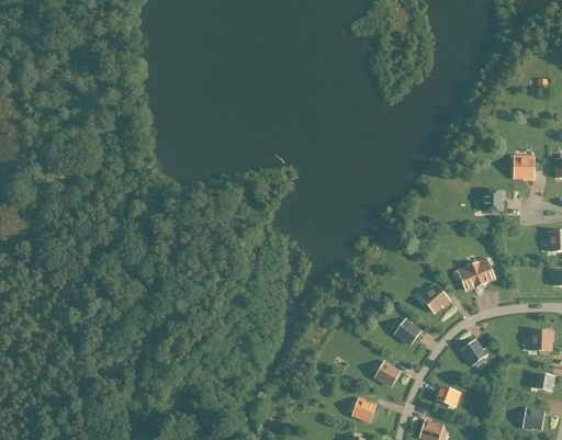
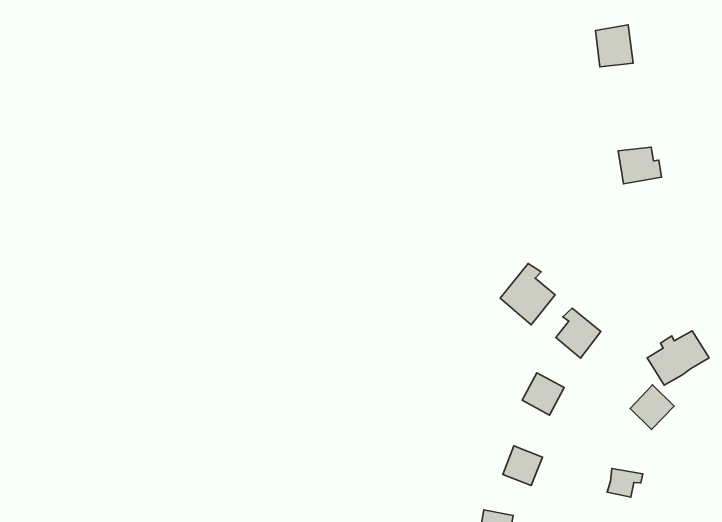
building: [512,155,533,179] -> [595,25,633,67]
building: none -> [500,264,555,325]
building: [457,260,495,291] -> [647,331,709,385]

